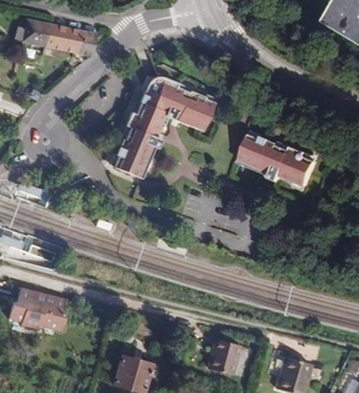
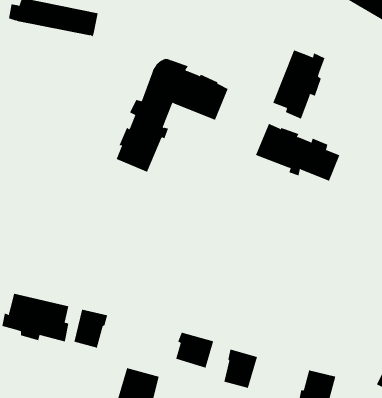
building: none -> [272,49,325,119]
building: none -> [74,309,108,348]
building: none -> [175,332,214,369]

